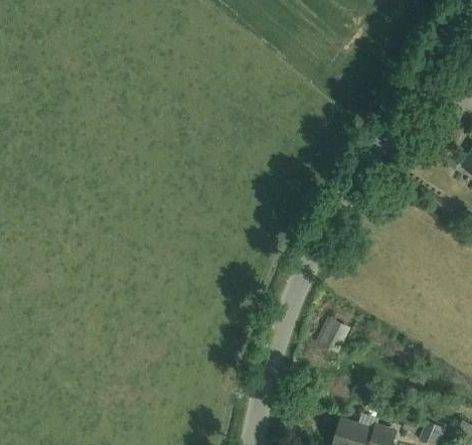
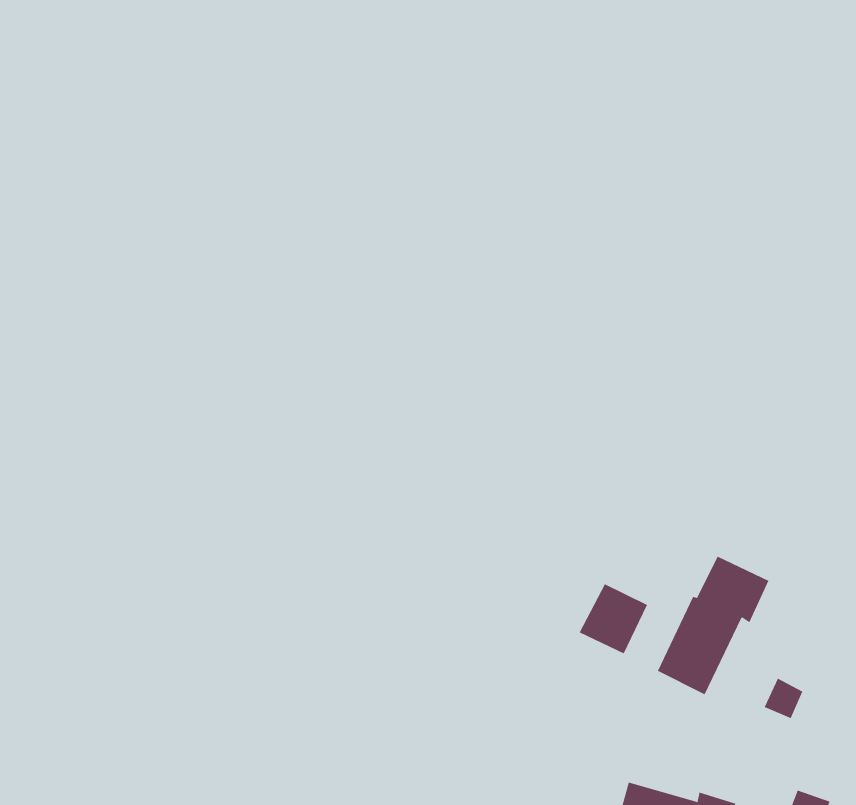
building: none -> [657,556,769,695]

